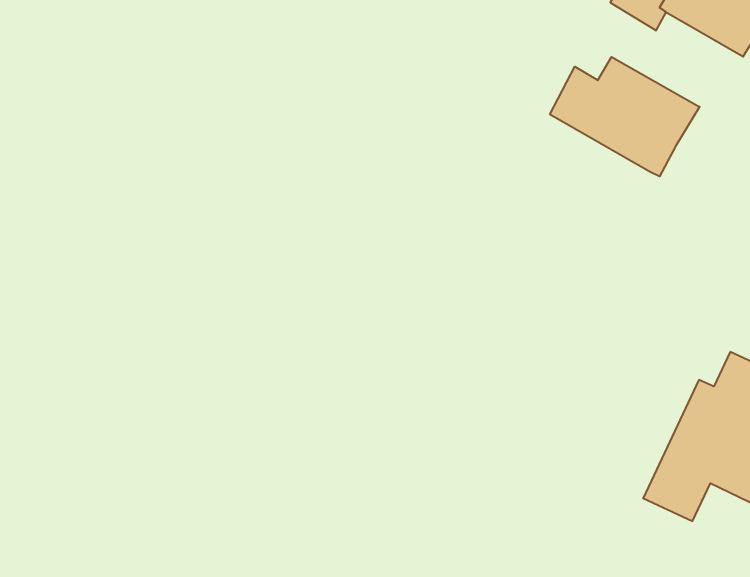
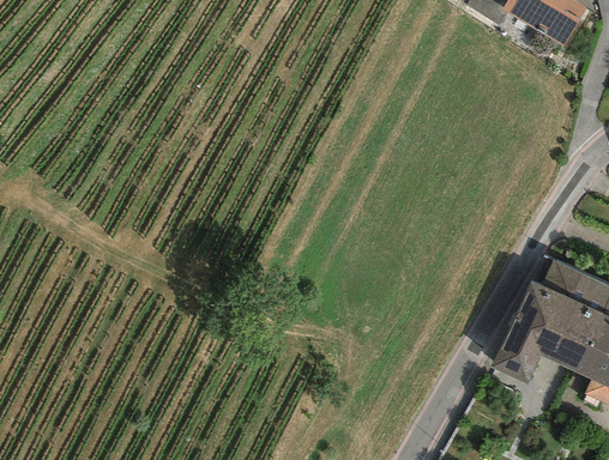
building: [550,57,700,176] -> none

